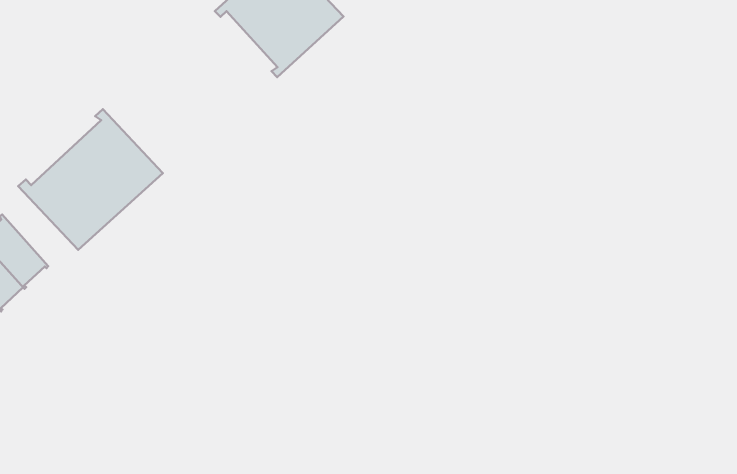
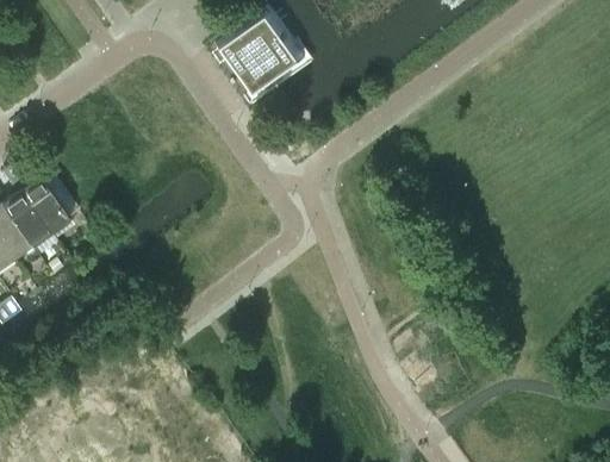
building: [18,109,163,250] -> none

